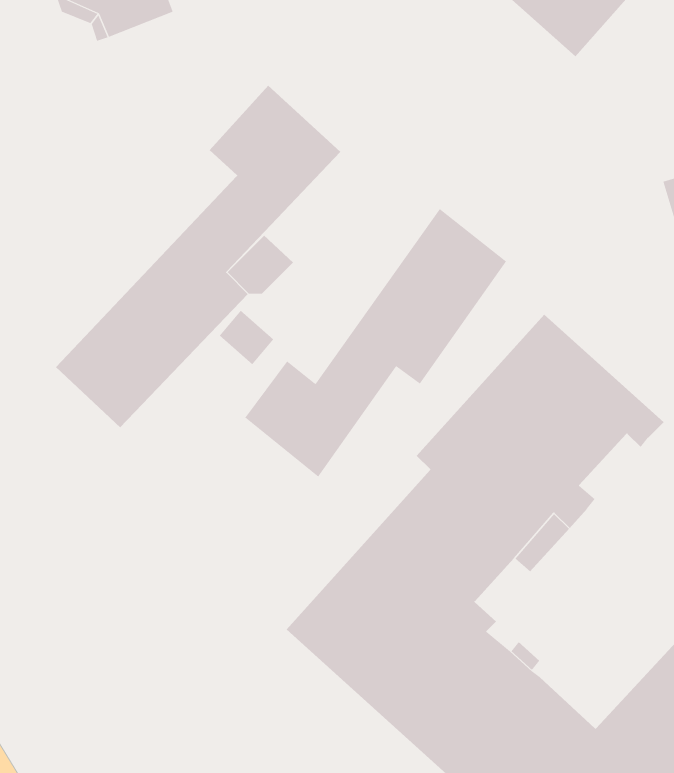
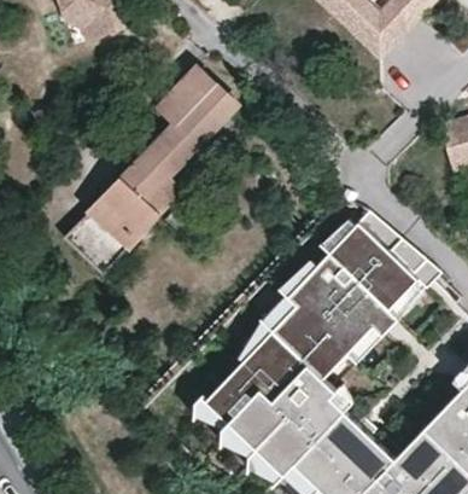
building: [244,208,507,477] -> none

